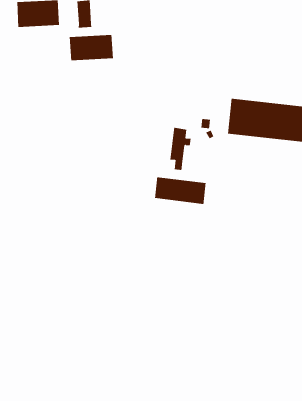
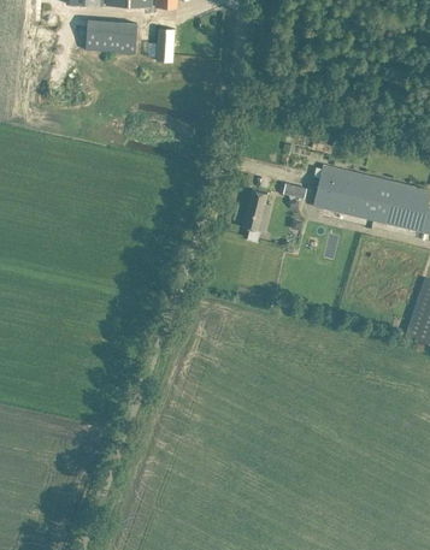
building: [69,34,113,61] -> none
building: [154,176,206,205] -> none

